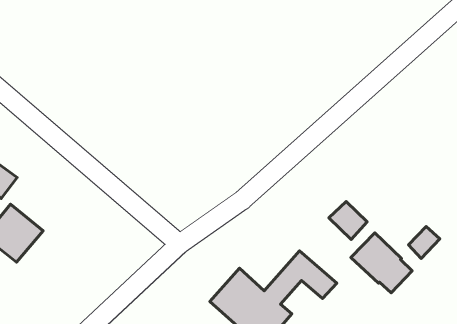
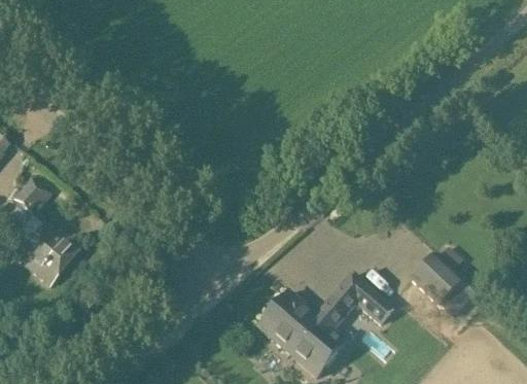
building: [329,201,367,239] -> none
building: [408,227,440,258] -> none

